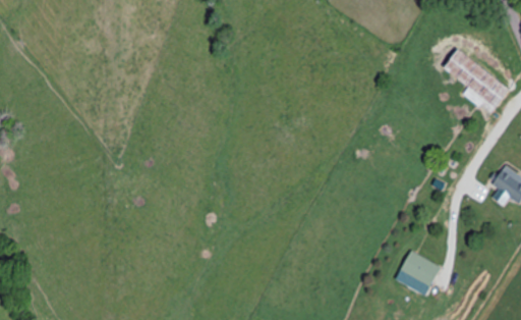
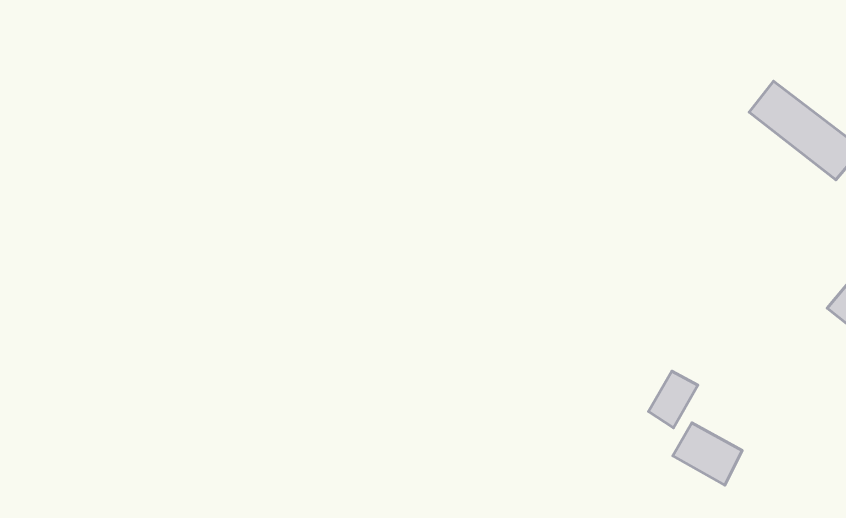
building: none -> [648,371,698,428]

